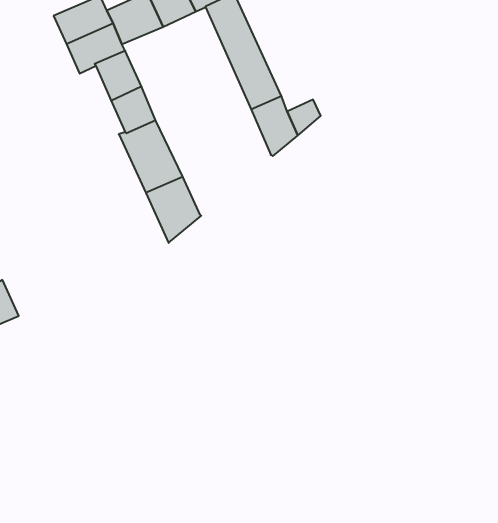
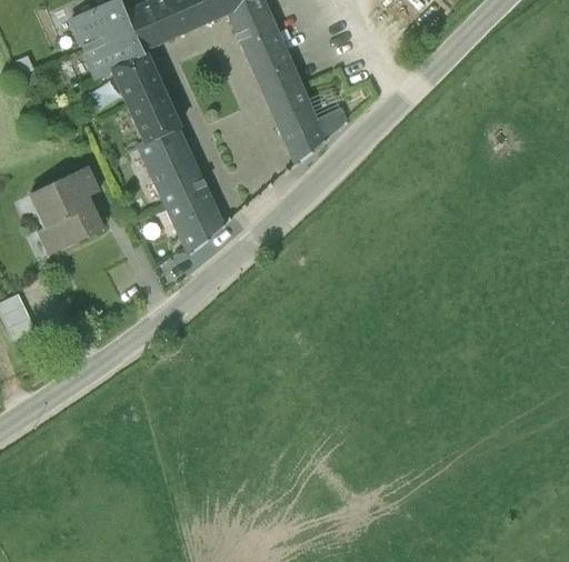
building: none -> [31,165,103,252]

